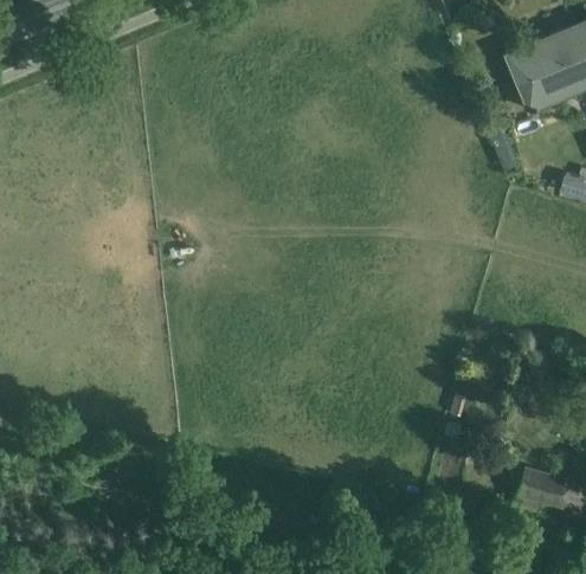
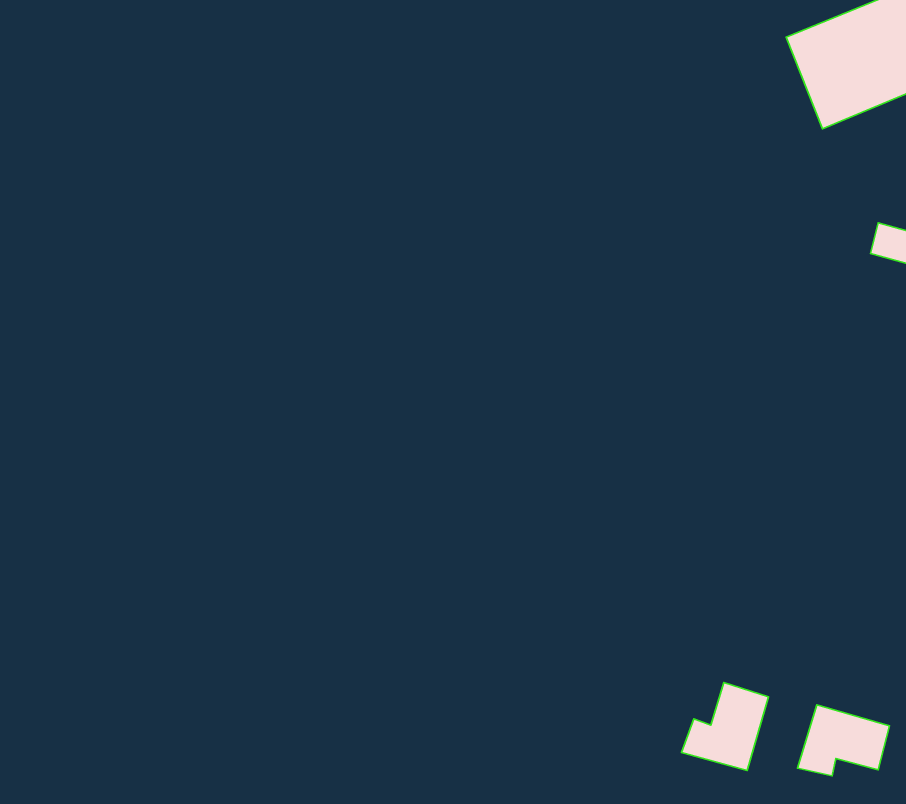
building: none -> [682,683,768,771]

